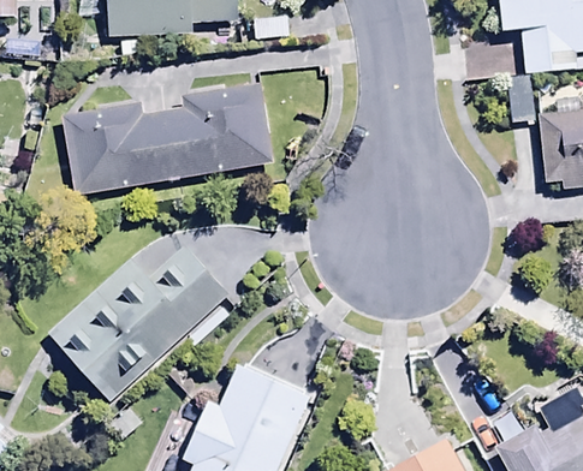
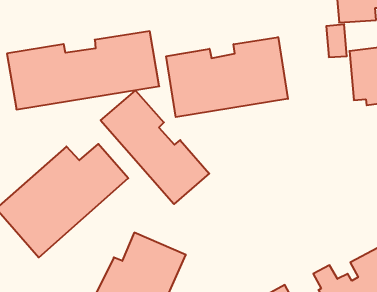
building: none -> [166,37,288,117]
building: none -> [101,90,209,204]

